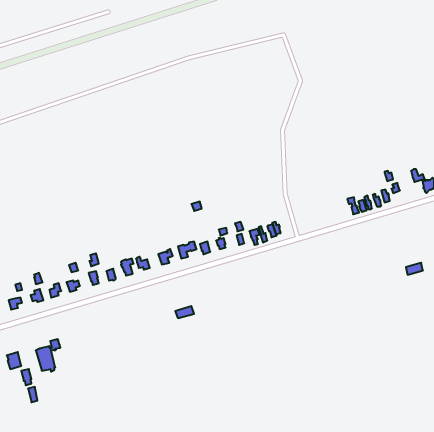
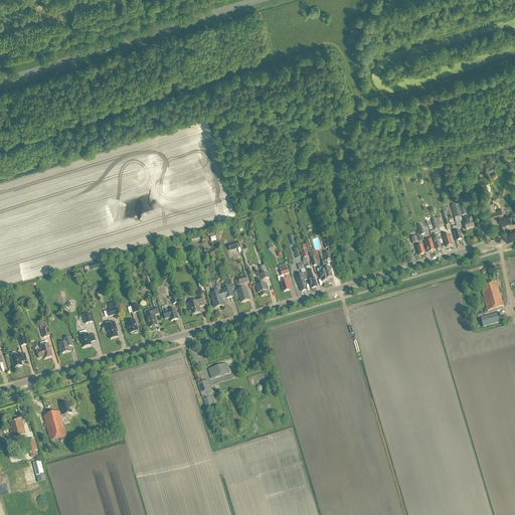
building: none -> [481,280,502,309]

